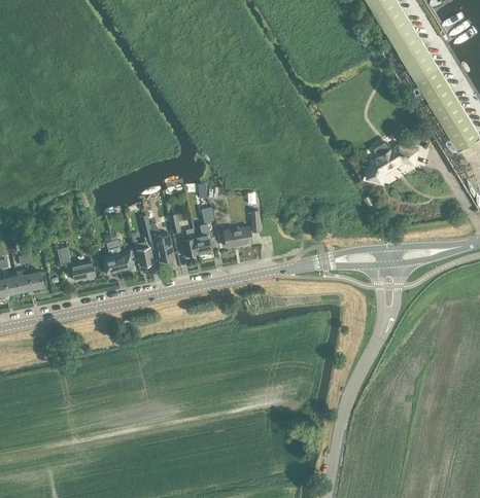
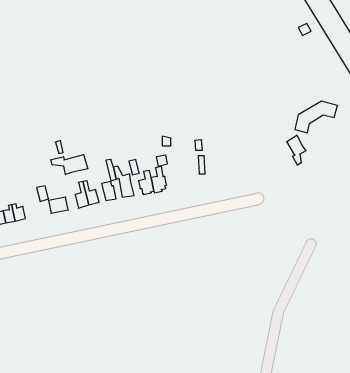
building: none -> [287,135,306,165]
building: none -> [51,155,88,175]
building: [222,225,250,246] -> none

